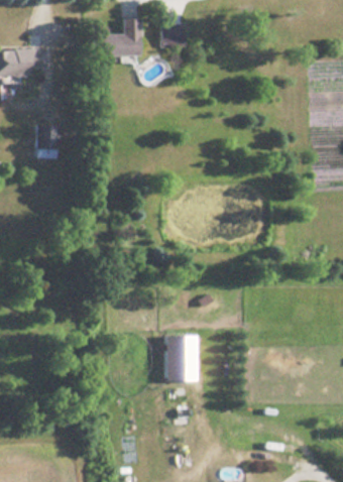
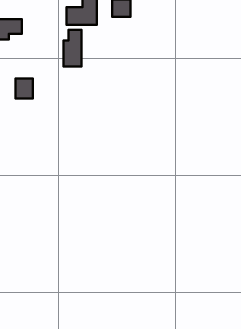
building: none -> [63,30,82,67]
building: [166,335,197,380] -> none

